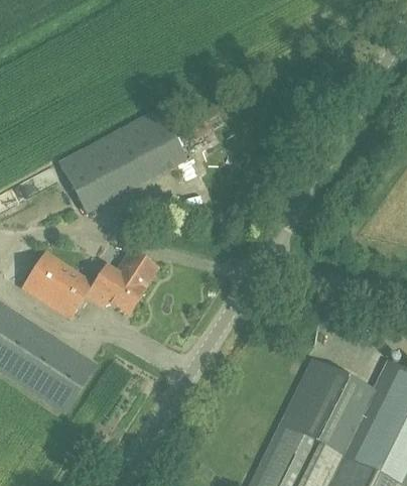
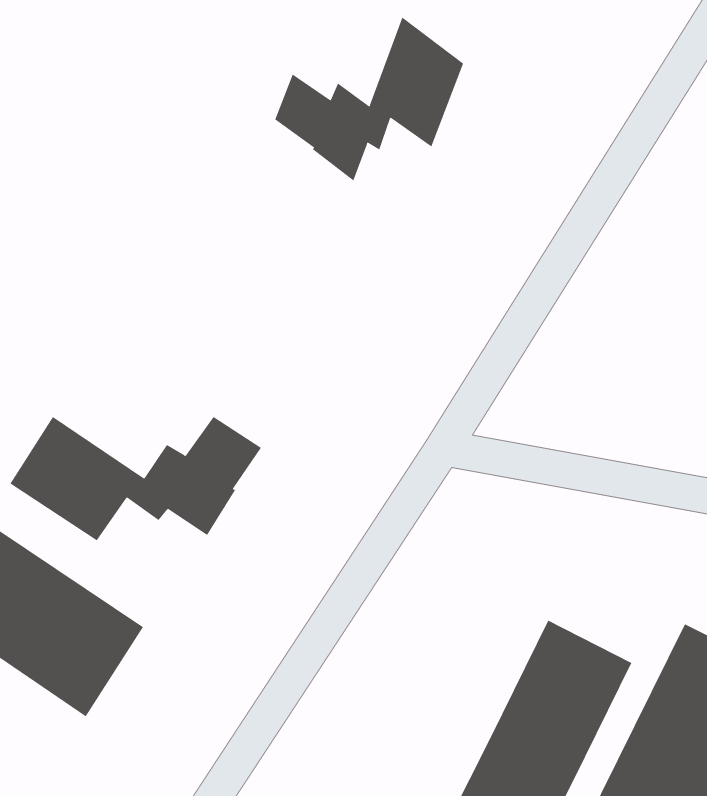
building: none -> [274,16,464,182]
building: [59,109,186,213] -> none

